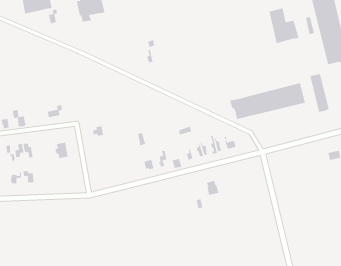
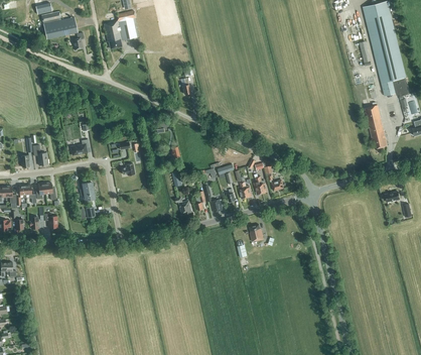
building: [269,8,299,44] -> none
building: [229,82,306,120] -> none

